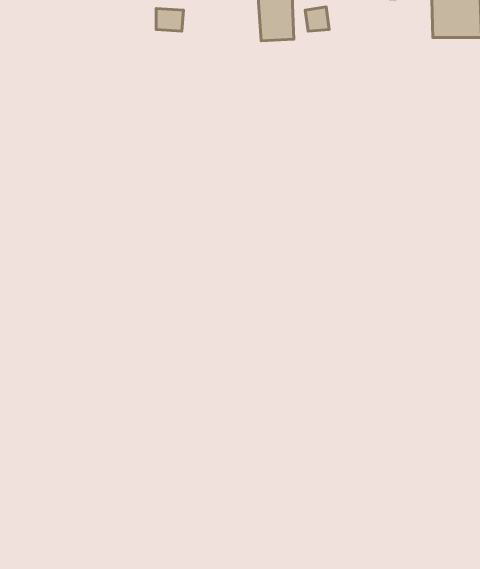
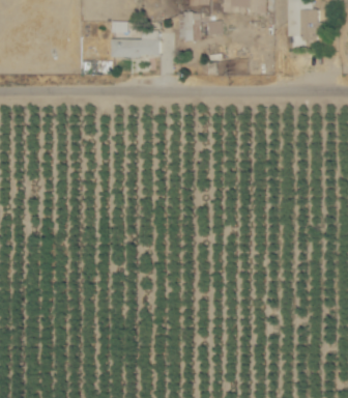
building: none -> [112,40,161,59]

